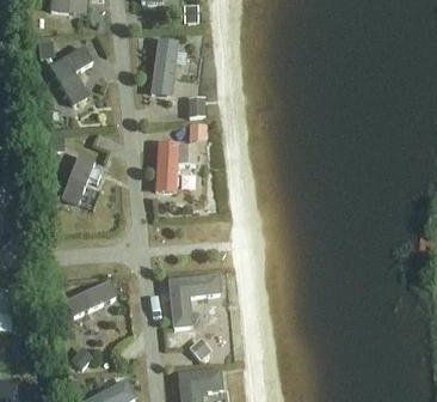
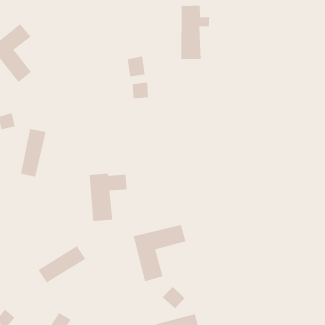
building: [149,37,186,96] -> [180,5,210,60]
building: [154,141,196,191] -> [89,173,127,222]

